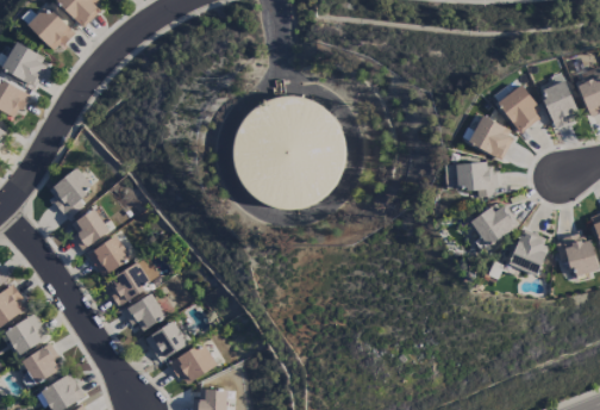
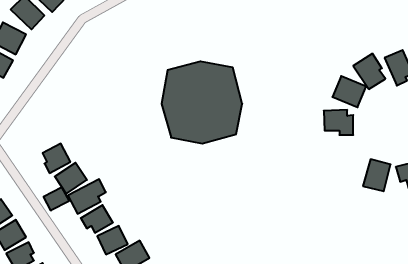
building: [46,167,94,212] -> none
building: [470,203,514,246] -> none
building: none -> [44,187,69,211]

